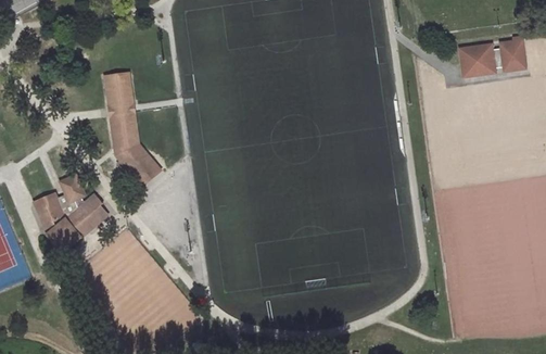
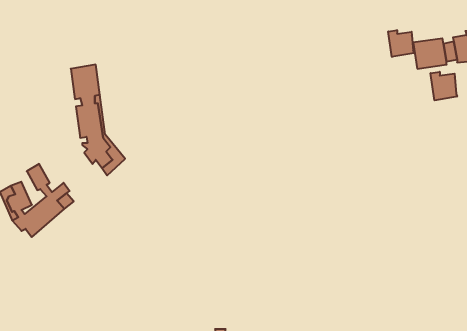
building: none -> [388,30,414,57]
building: none -> [431,72,457,100]

